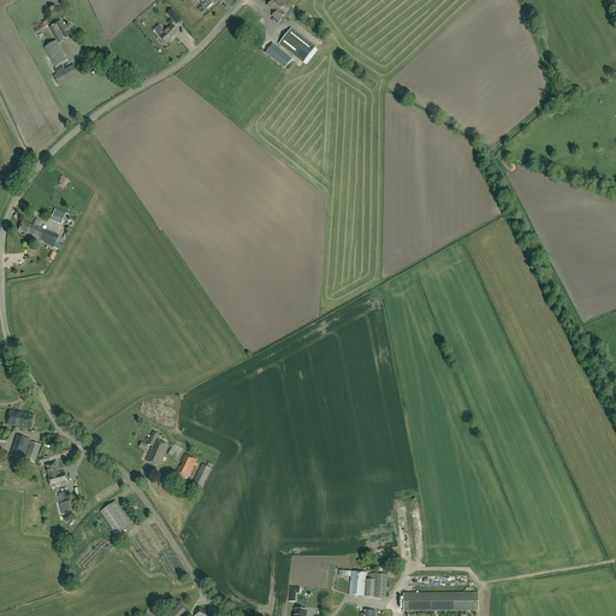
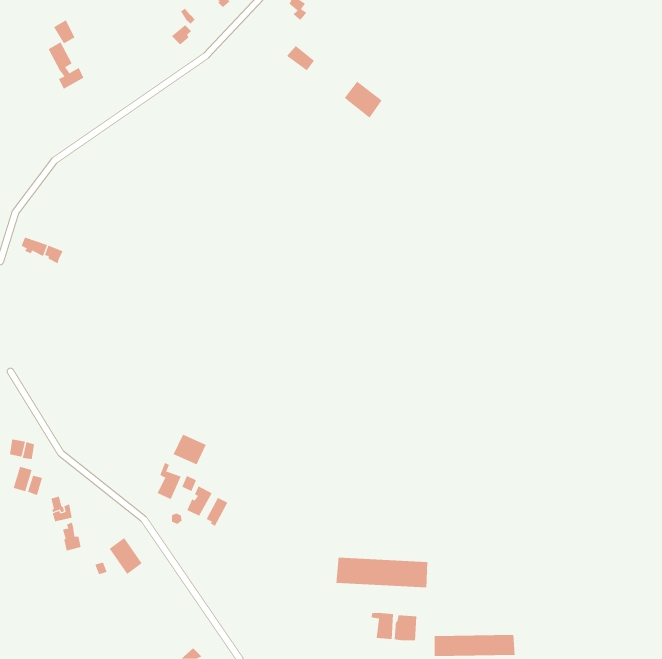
building: [279,26,315,61] -> [344,81,383,119]
building: none -> [173,434,207,465]
building: none -> [336,557,428,588]

